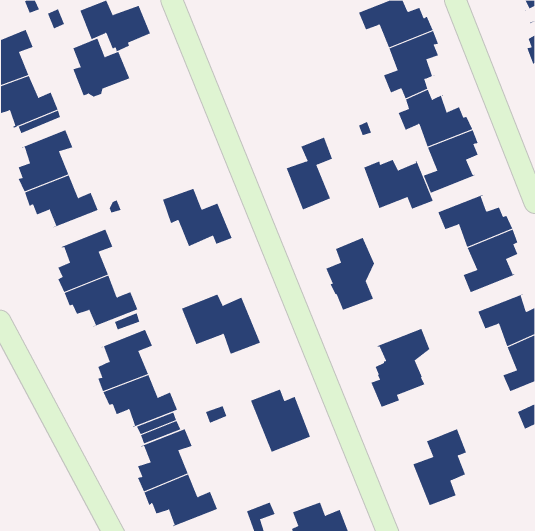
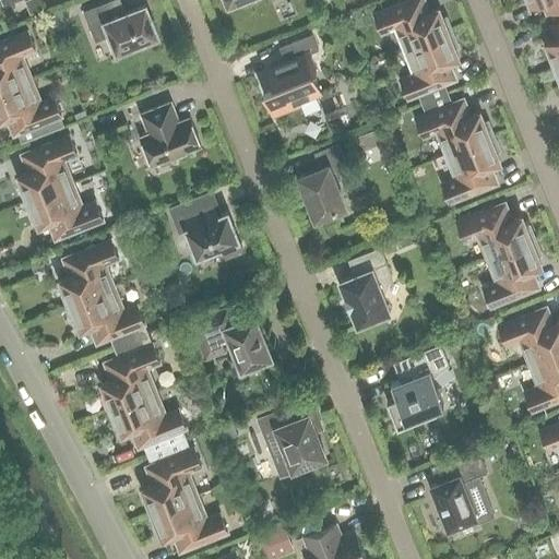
building: none -> [263,37,321,127]
building: [73,38,130,97] -> [141,106,201,168]
building: [363,159,433,210] -> none

